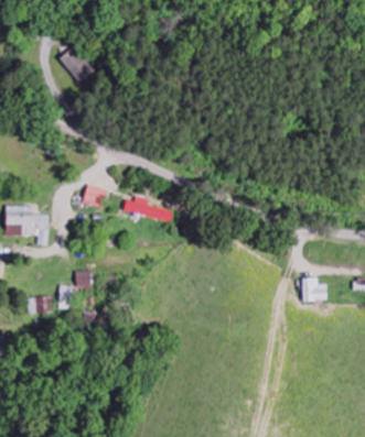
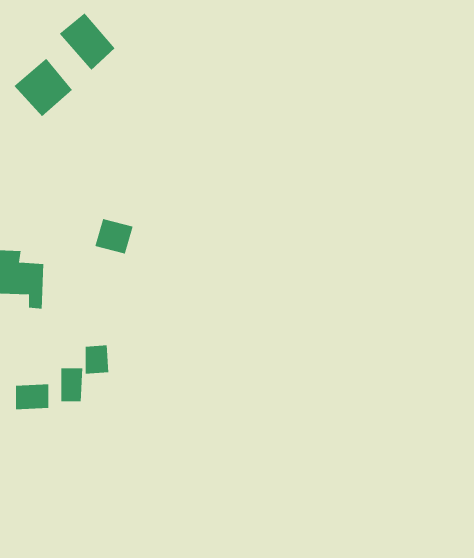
building: none -> [14,58,73,117]
building: [125,196,172,221] -> none
building: [302,277,326,301] -> none

